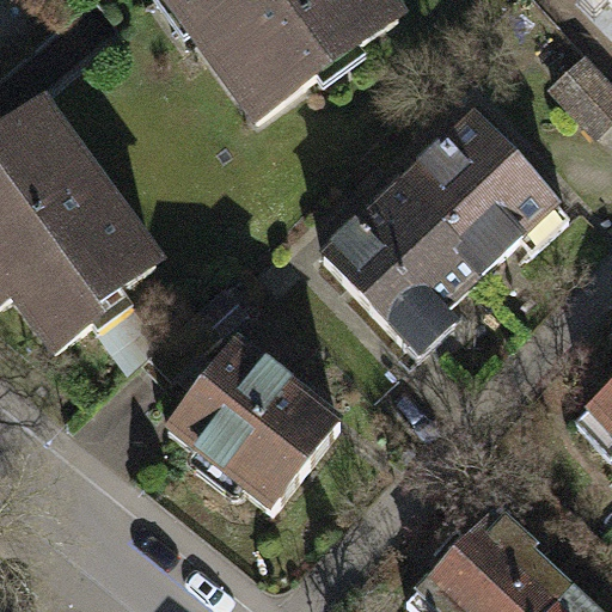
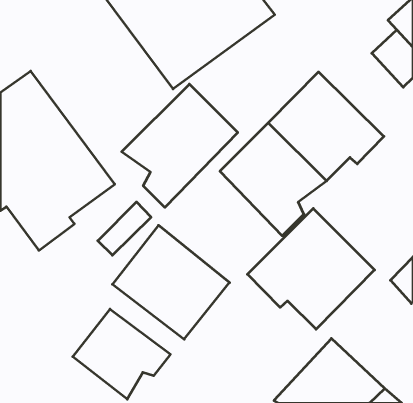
building: none -> [122,84,238,207]
building: none -> [247,208,375,329]
building: none -> [73,309,170,399]

